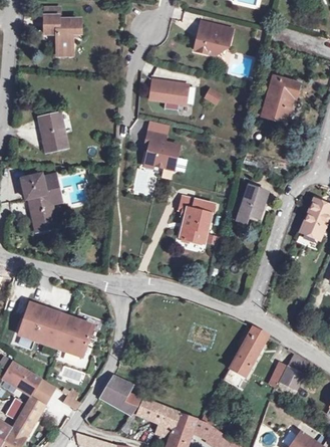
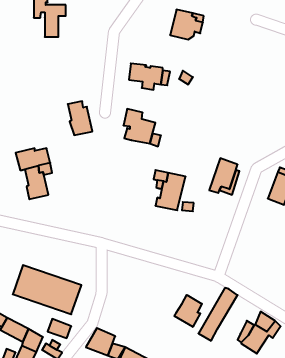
building: [261,79,298,125] -> none
building: [41,114,68,151] -> [68,101,92,135]
building: none -> [175,295,202,327]

